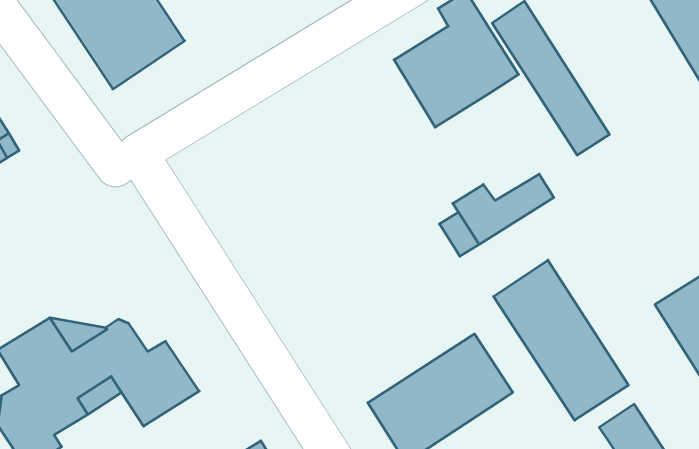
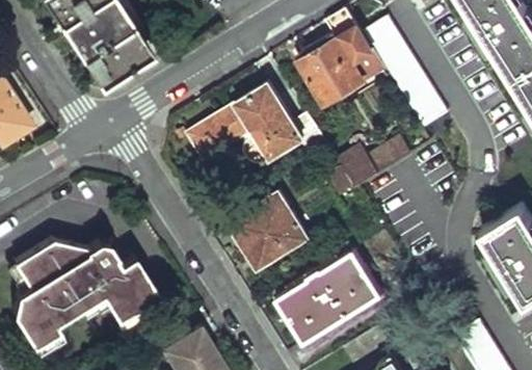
building: none -> [189,85,326,162]
building: none -> [230,195,311,273]
building: [494,260,628,420] -> none

